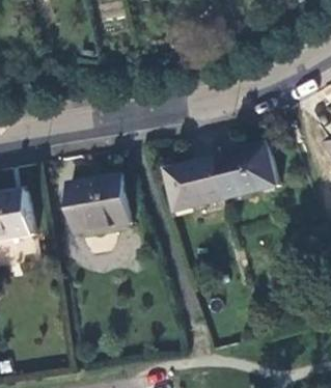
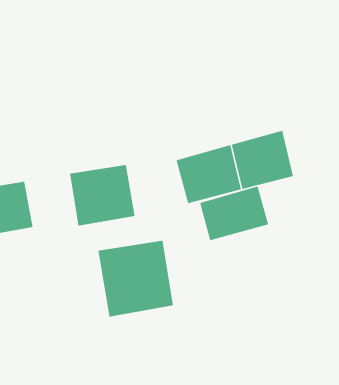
building: none -> [199,186,269,241]
building: none -> [98,240,174,318]

